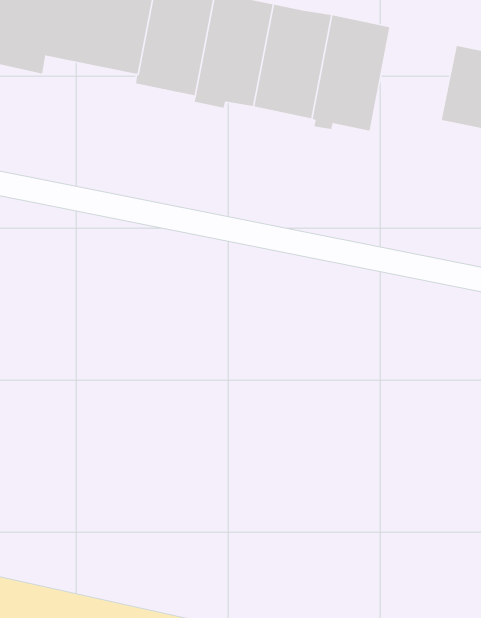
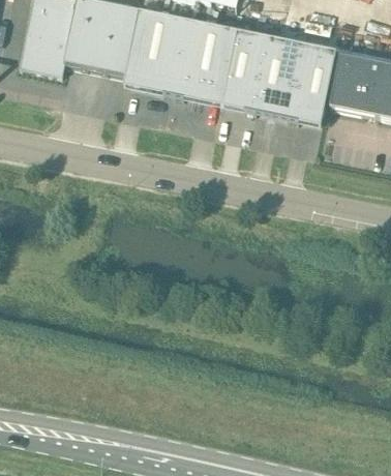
building: none -> [282,42,337,121]

